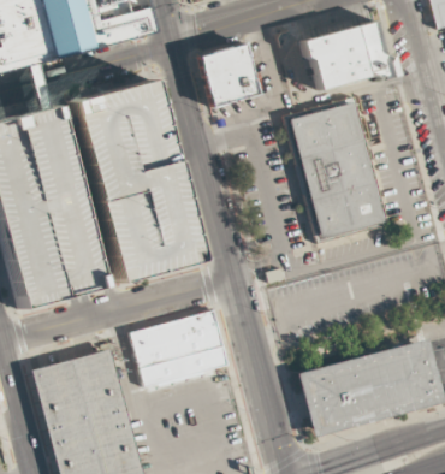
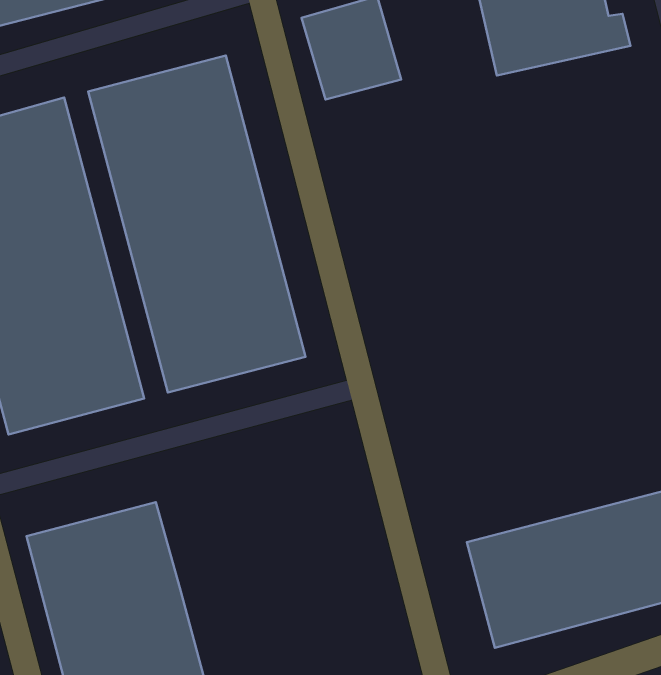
building: [284,96,388,243] -> none
building: [131,310,230,386] -> none

